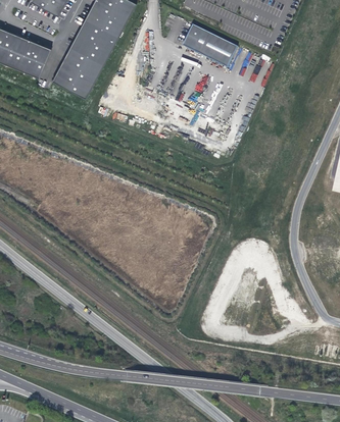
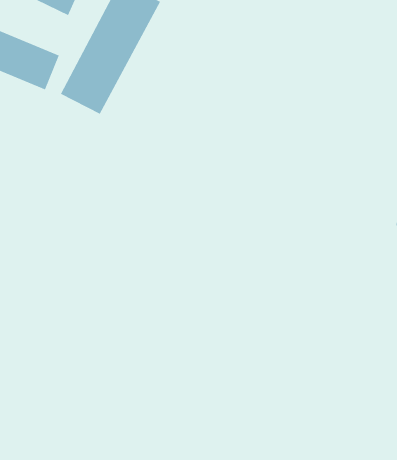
building: [185,24,238,67] -> none

